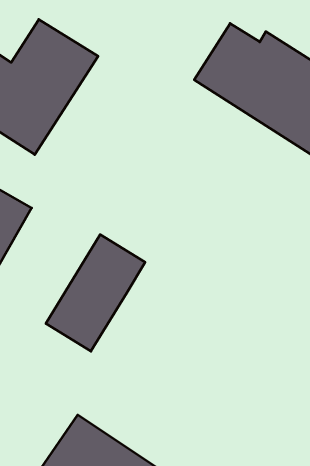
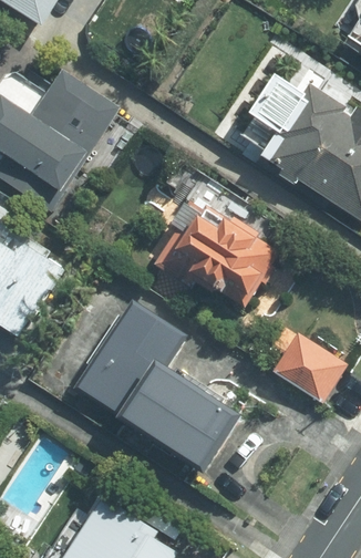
building: none -> [164,208,279,316]
building: none -> [271,329,347,401]
building: none -> [117,362,239,476]

